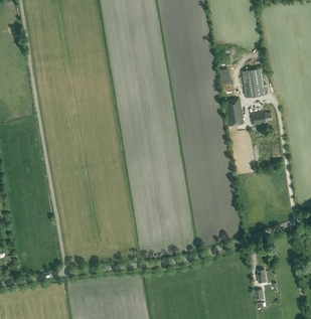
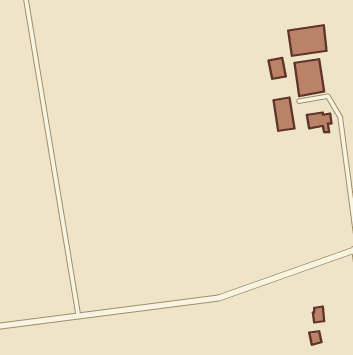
building: none -> [288,25,326,56]

